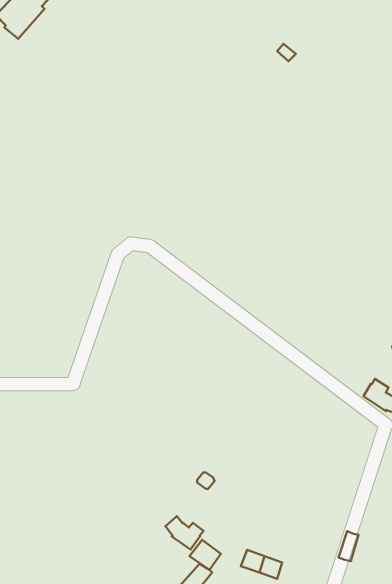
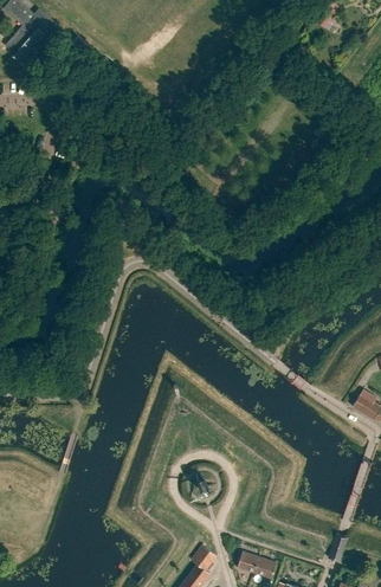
building: [165,516,204,549] -> none

